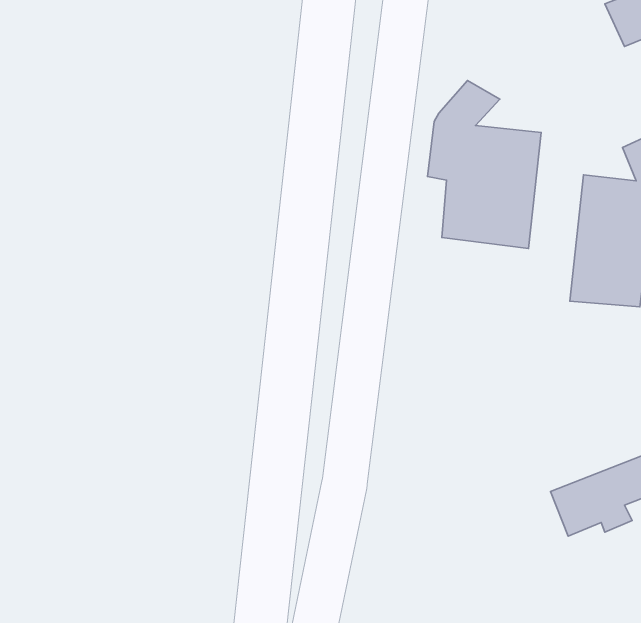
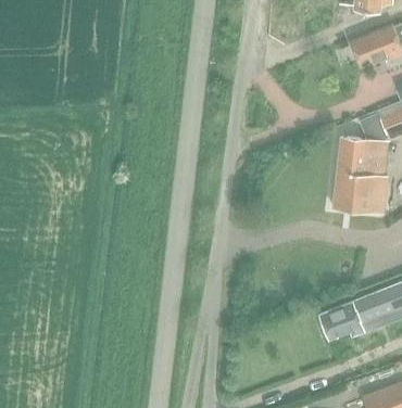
building: [428,80,541,248] -> none

